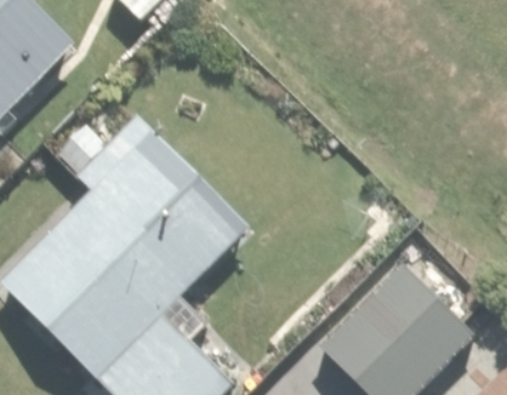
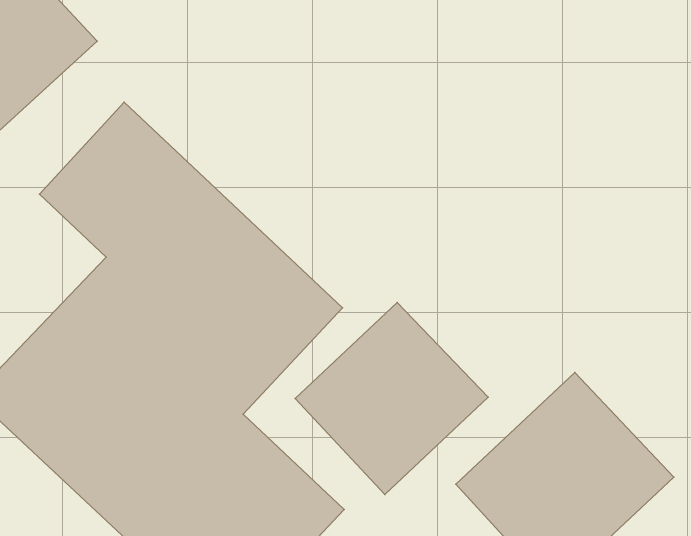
building: none -> [295,303,488,494]

